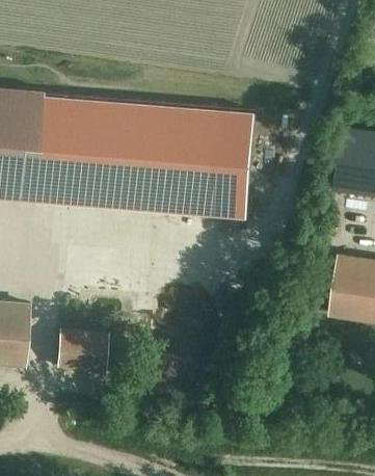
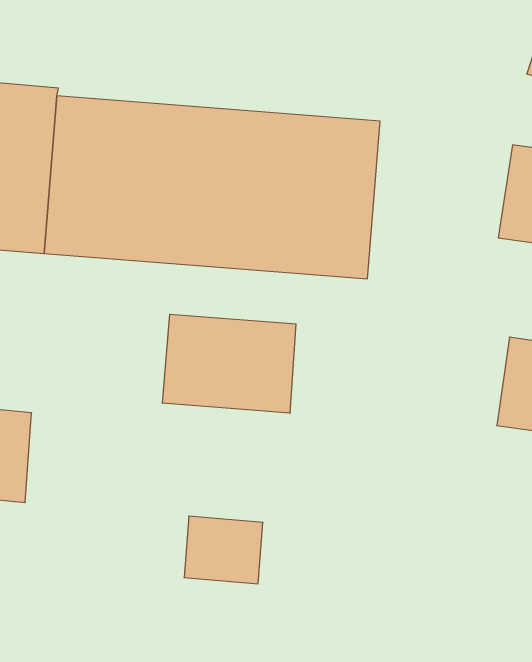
building: none -> [162,314,296,413]
building: [55,329,107,374] -> [184,516,263,584]

